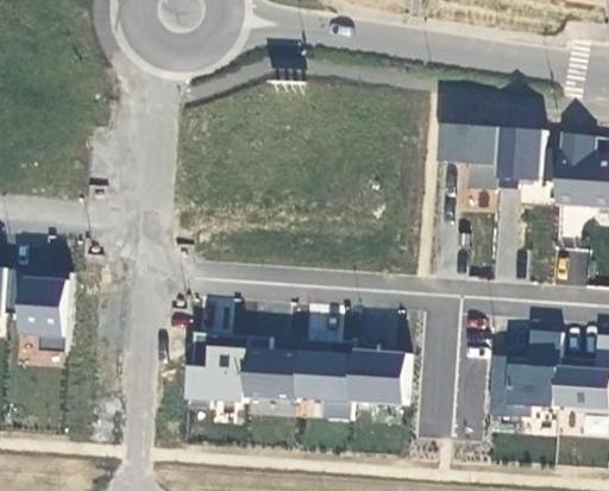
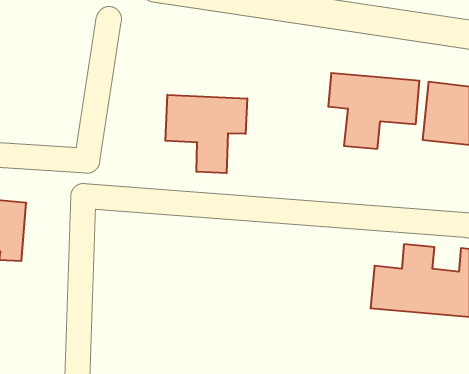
building: none -> [165,95,247,173]
building: [183,341,413,418] -> none

